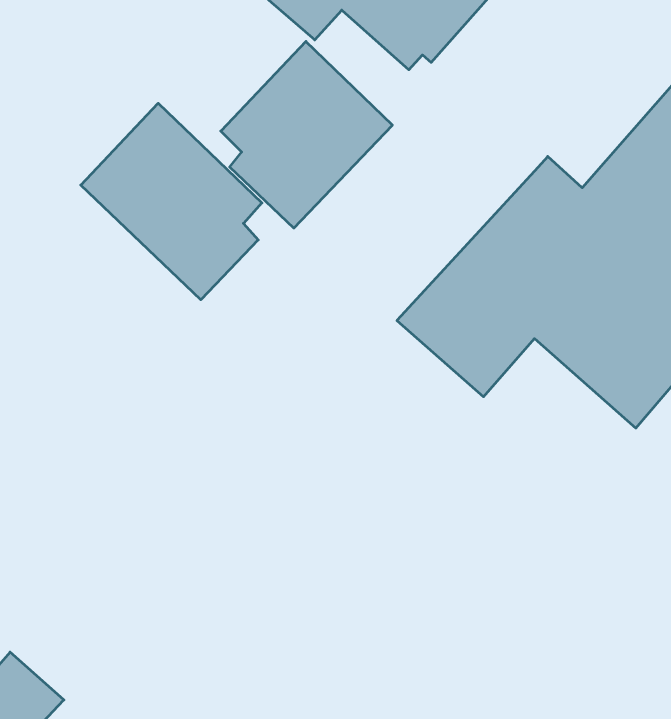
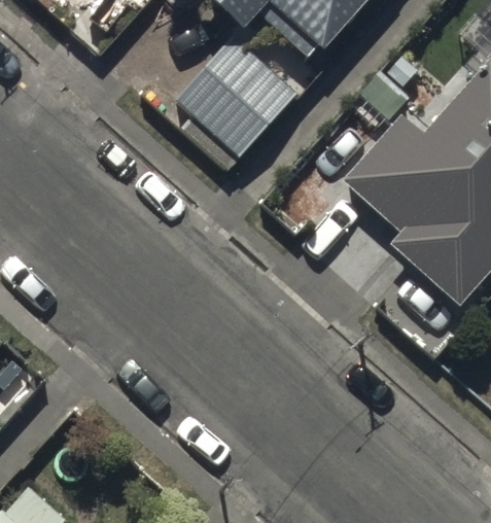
building: [81,103,262,300] -> none

